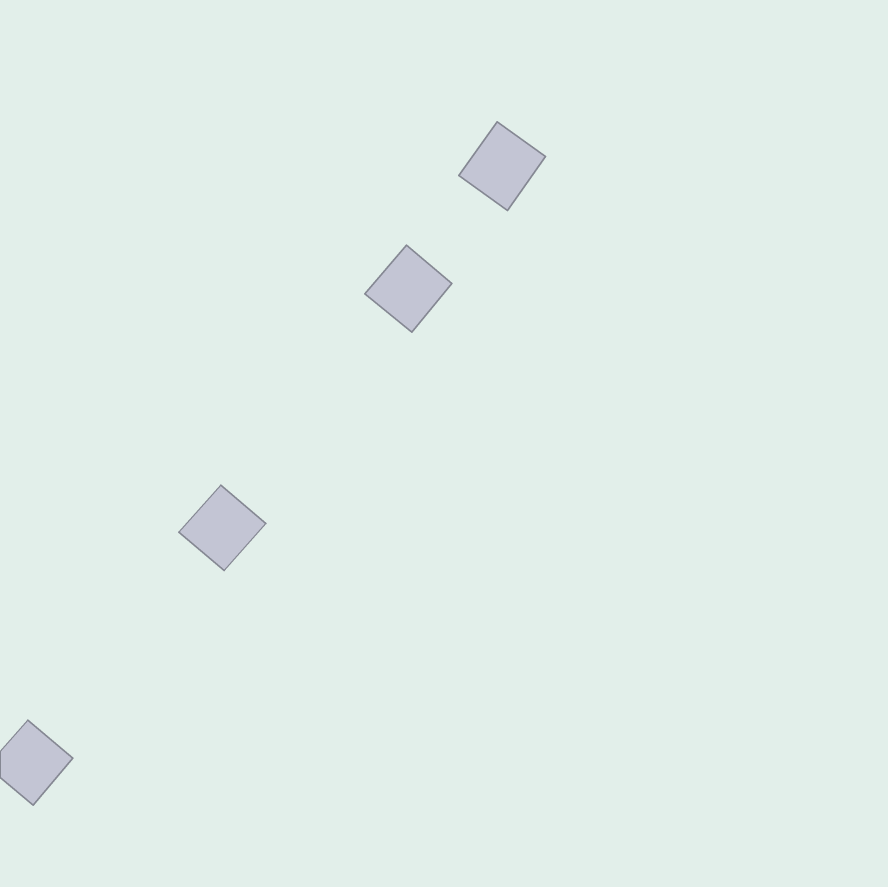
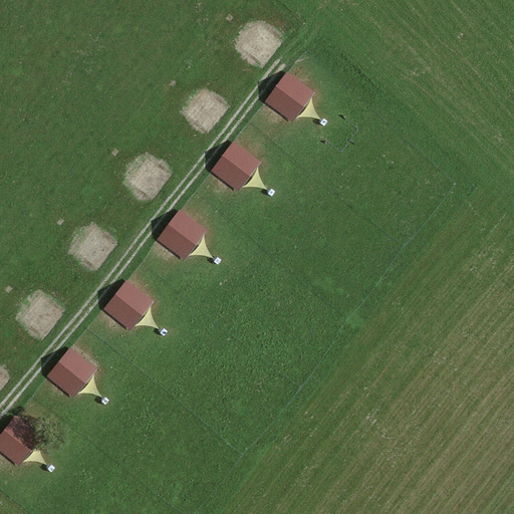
building: none -> [158,210,207,260]
building: none -> [48,347,97,397]

